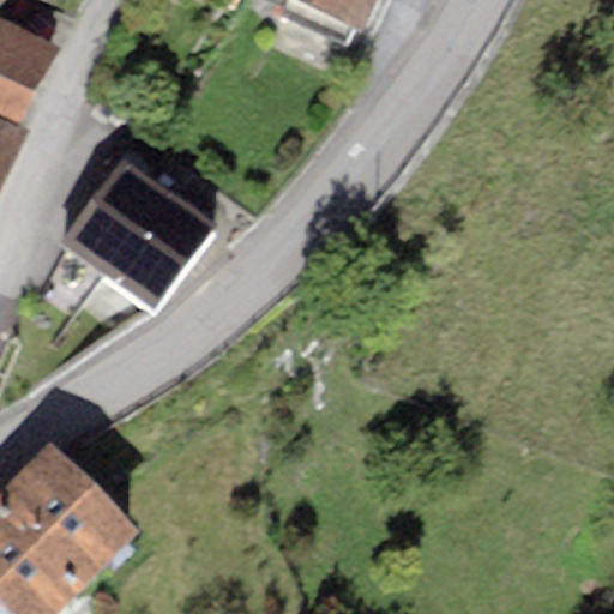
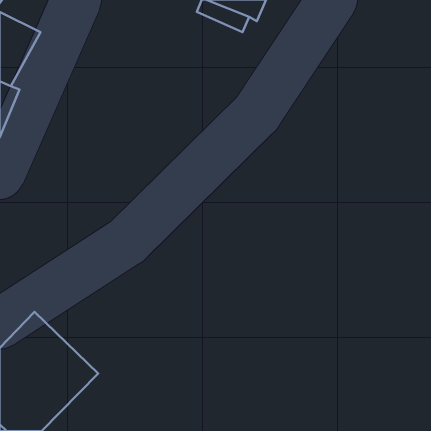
building: [61,158,215,308] -> none

